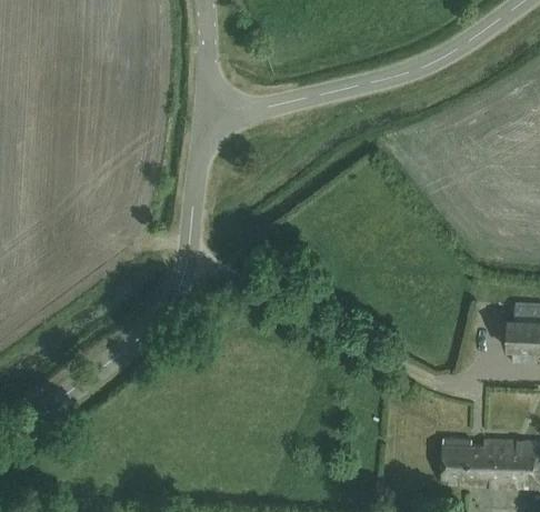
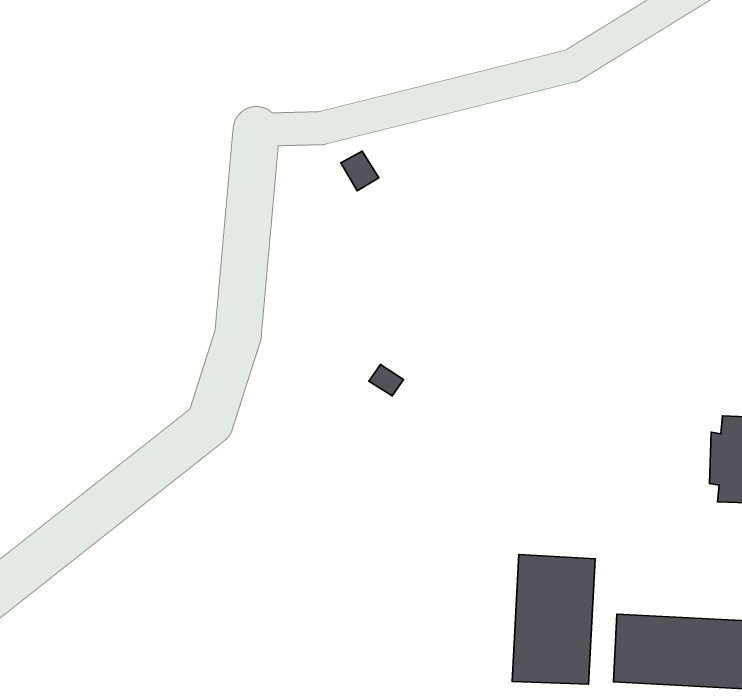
building: none -> [512,554,595,684]

